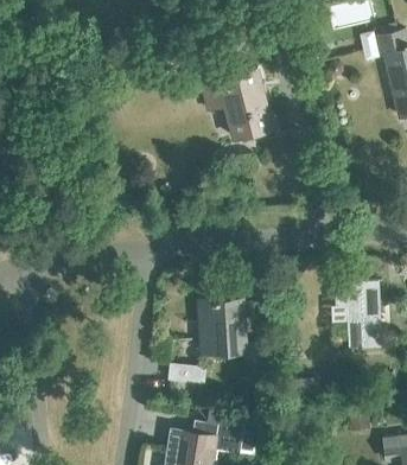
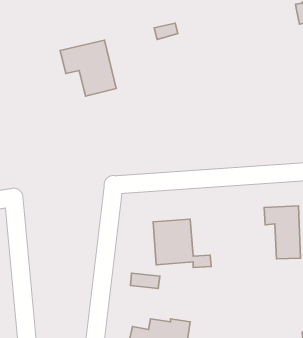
building: [202,68,272,138] -> [60,40,116,96]

